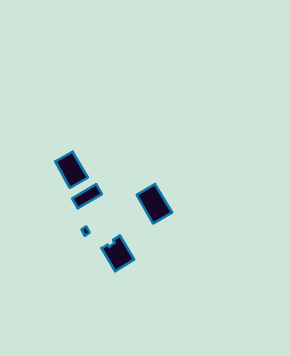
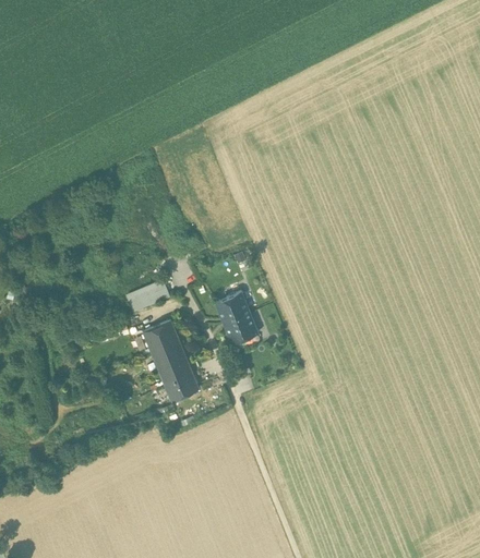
building: [55,152,88,188] -> none
building: none -> [143,320,184,367]

